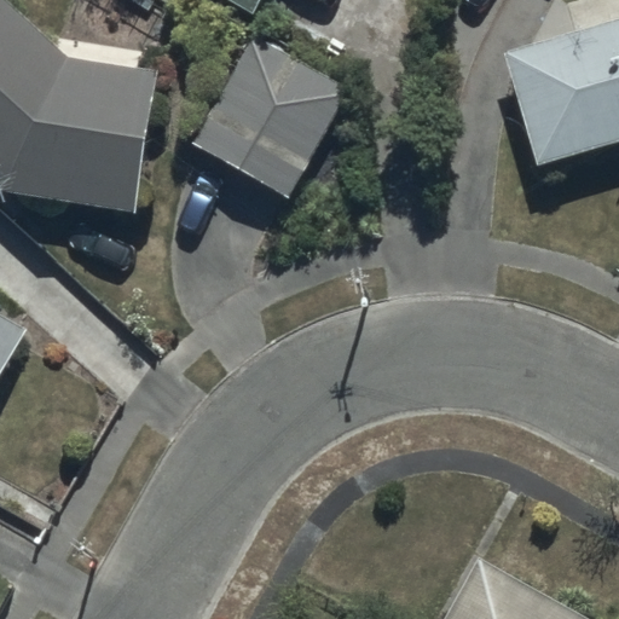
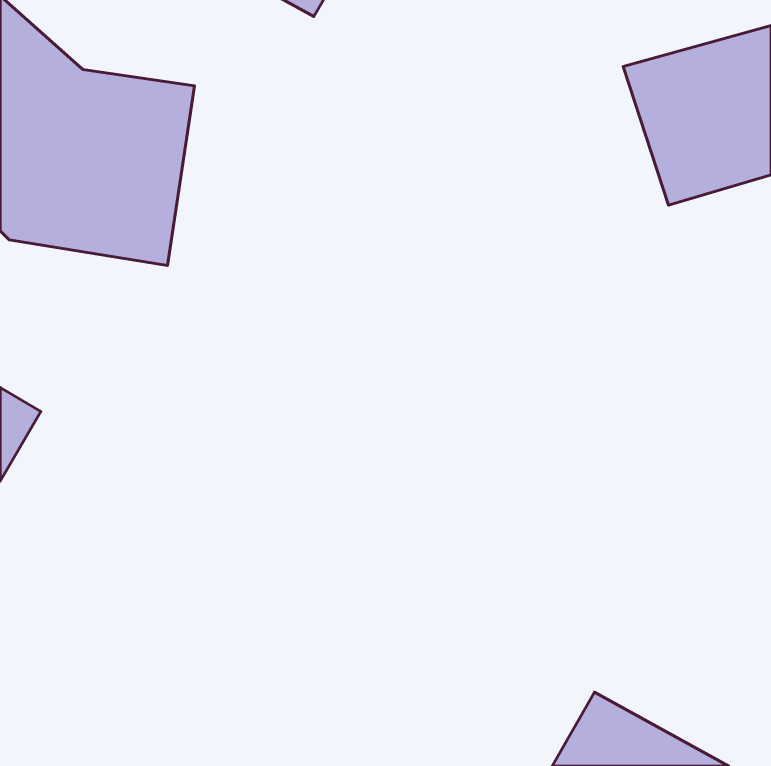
building: [190,34,357,203] -> none

